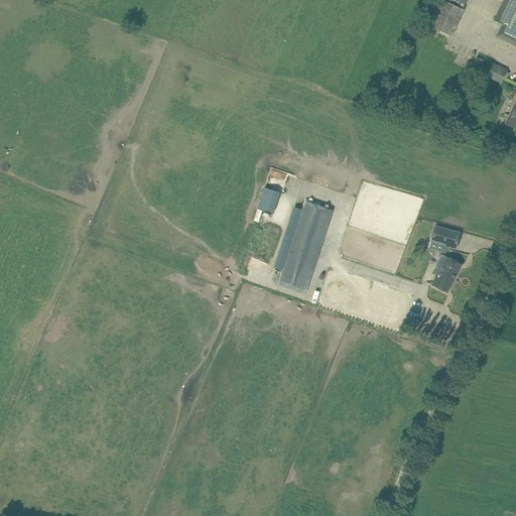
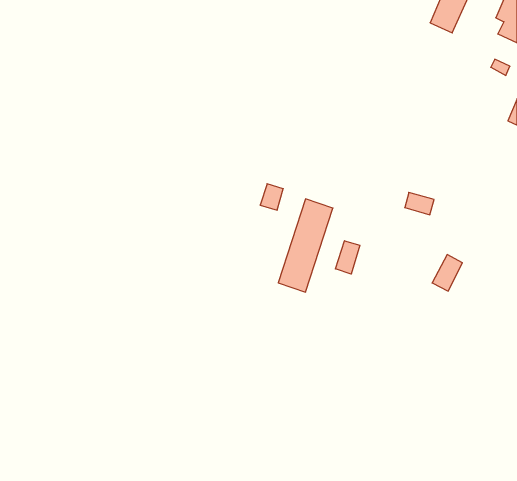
building: [430,225,460,247] -> [405,192,434,215]
building: none -> [335,241,360,274]

